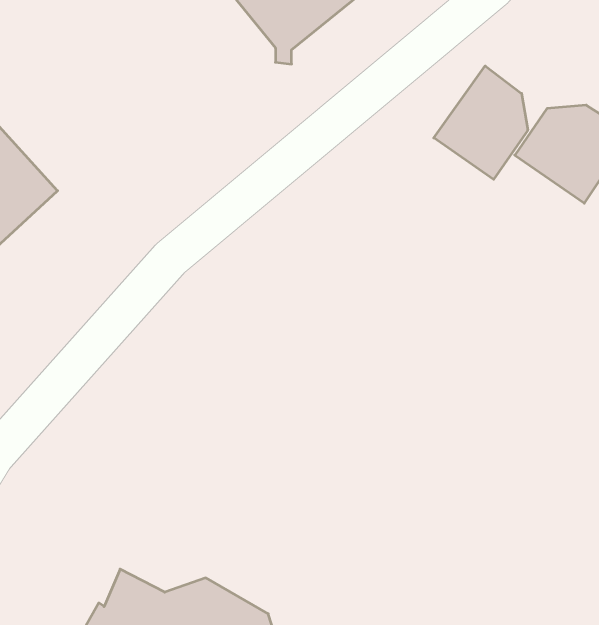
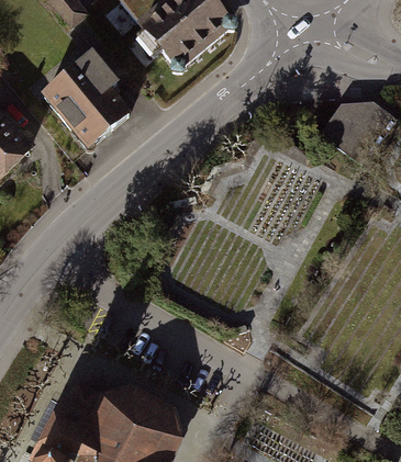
building: none -> [42,53,127,146]
building: [434,66,528,179] -> none

